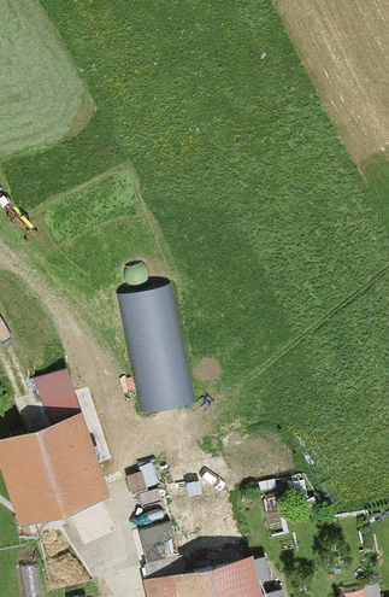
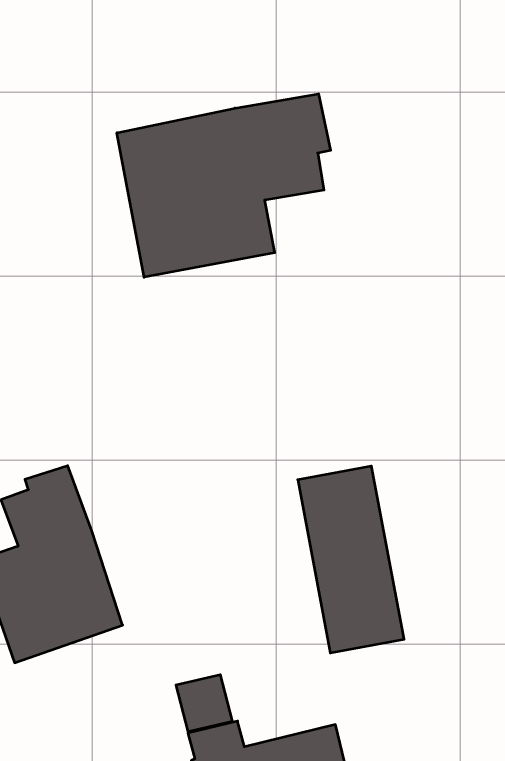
building: none -> [117,94,331,277]
building: [120,283,195,415] -> [298,466,404,653]

